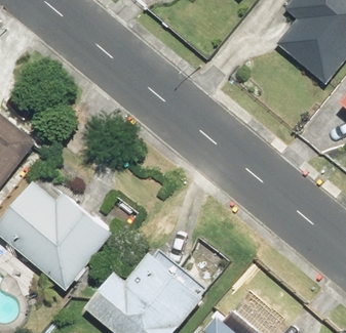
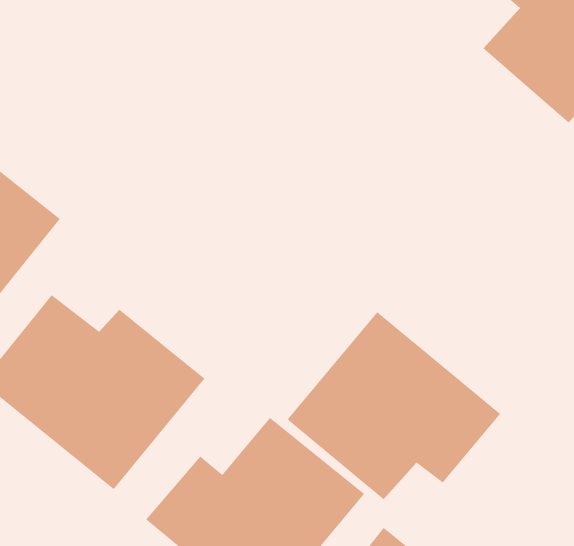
building: none -> [287,311,501,500]

